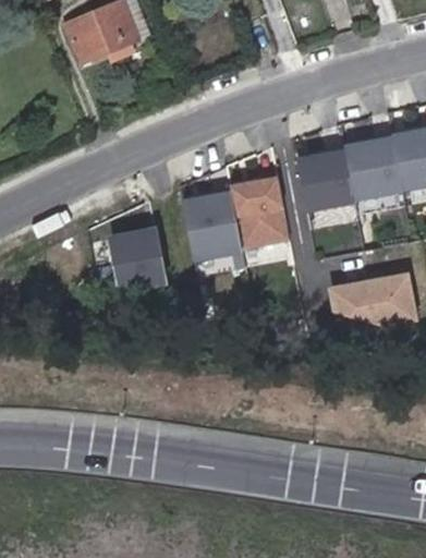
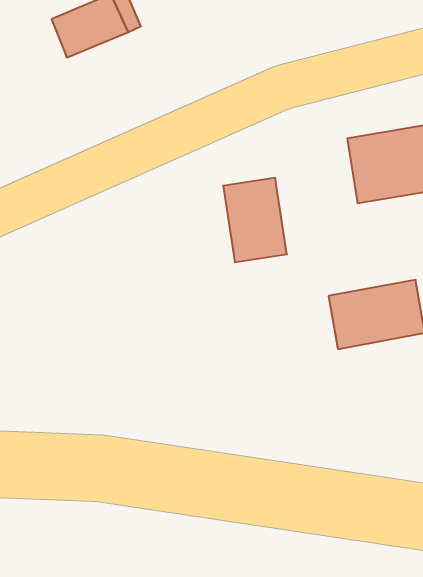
building: [294,148,354,209] -> none
building: [181,191,239,264] -> none
building: [114,226,186,289] -> none

